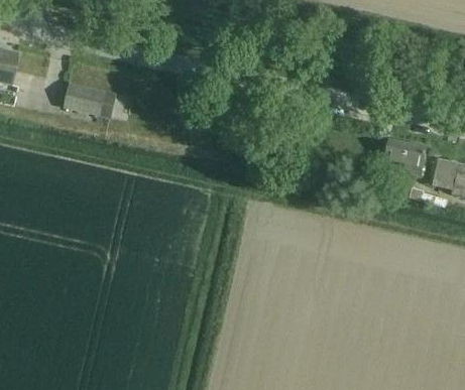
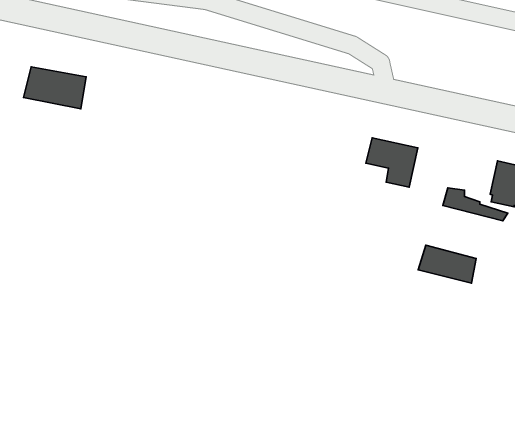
building: [386,138,428,177] -> [366,138,418,187]
building: none -> [418,245,476,283]

